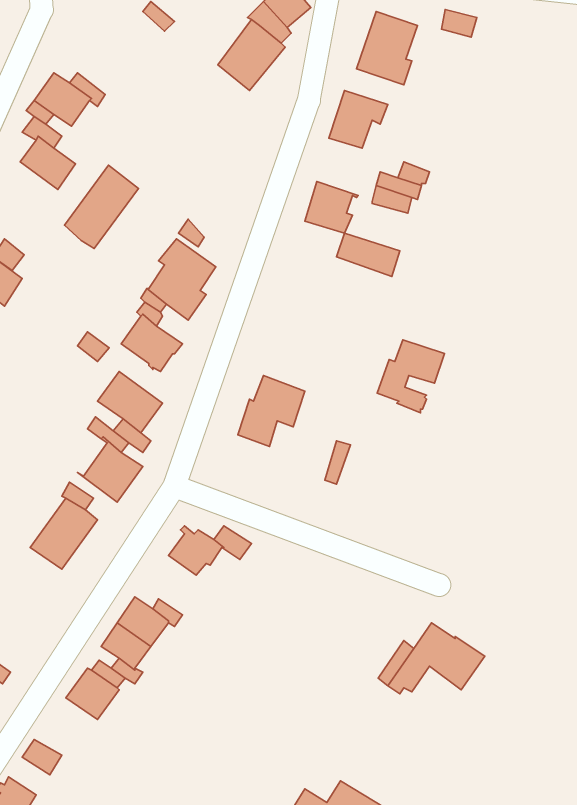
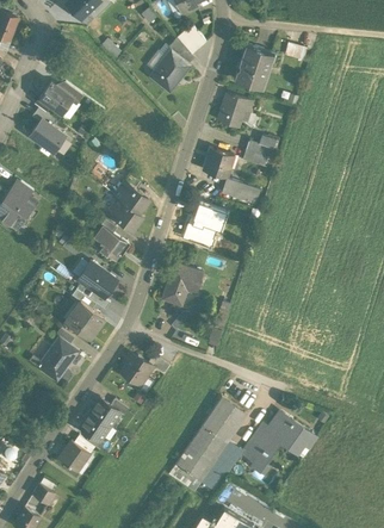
building: [64,165,138,248] -> none
building: [377,340,444,413] -> [182,205,223,249]
building: none -> [168,398,246,492]

